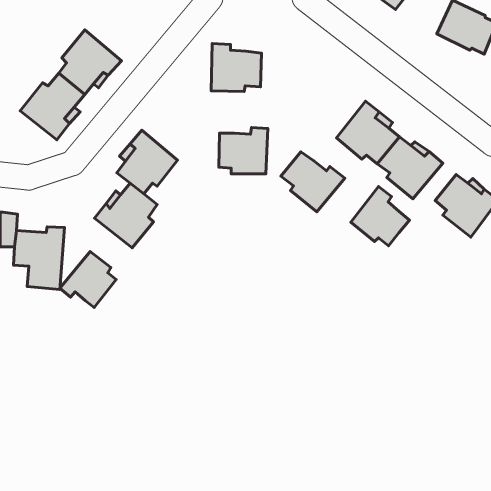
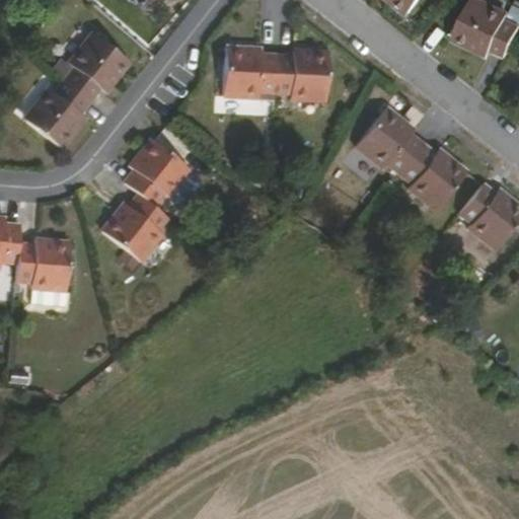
building: [219,128,268,174] -> [276,50,327,98]
building: [281,152,345,212] -> none
building: [351,186,409,246] -> none
building: [60,251,116,307] -> none

